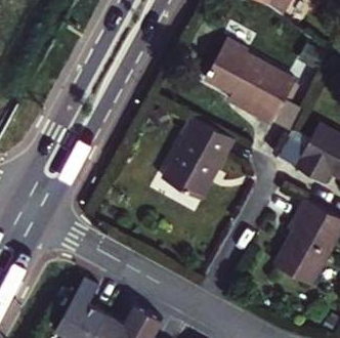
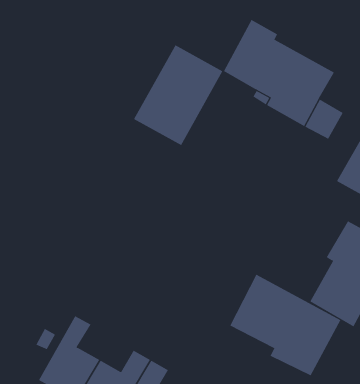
building: [163,119,236,201] -> [133,44,223,146]
building: none -> [230,274,341,376]

